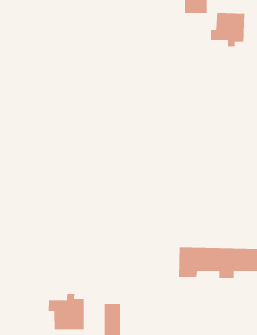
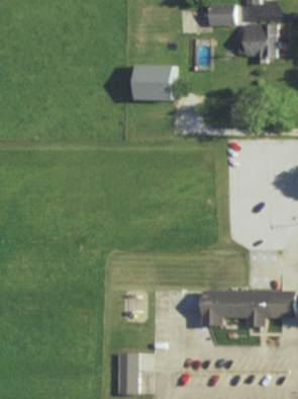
building: none -> [133,65,173,101]
building: [48,293,85,330] -> none

